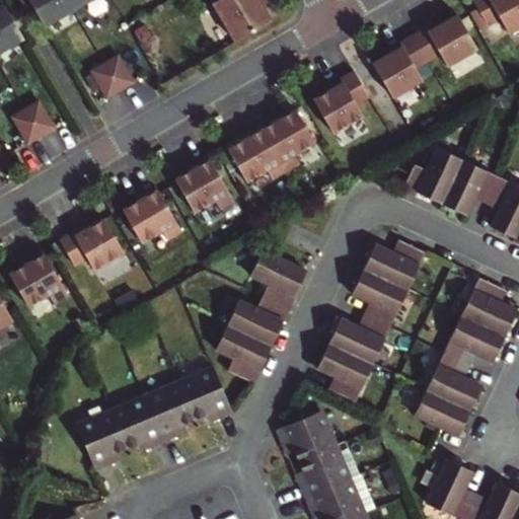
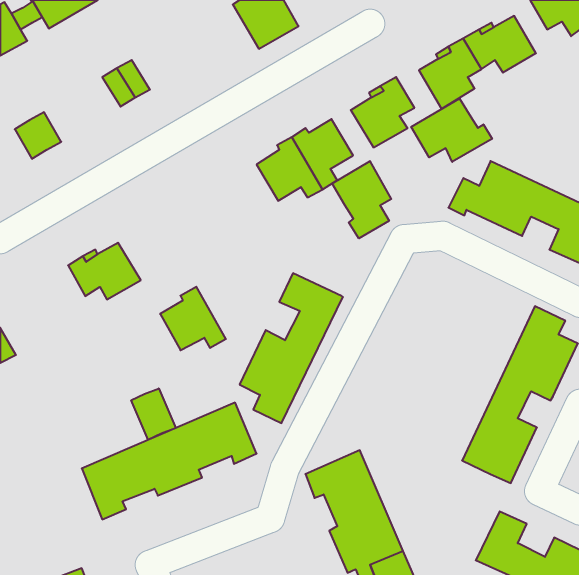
building: none -> [411,98,492,162]
building: none -> [332,161,391,238]
building: [176,156,236,214] -> none
building: [125,187,183,243] -> [160,287,226,350]
building: [317,239,426,401] -> none
building: [11,250,71,308] -> none
building: none -> [131,388,176,440]

